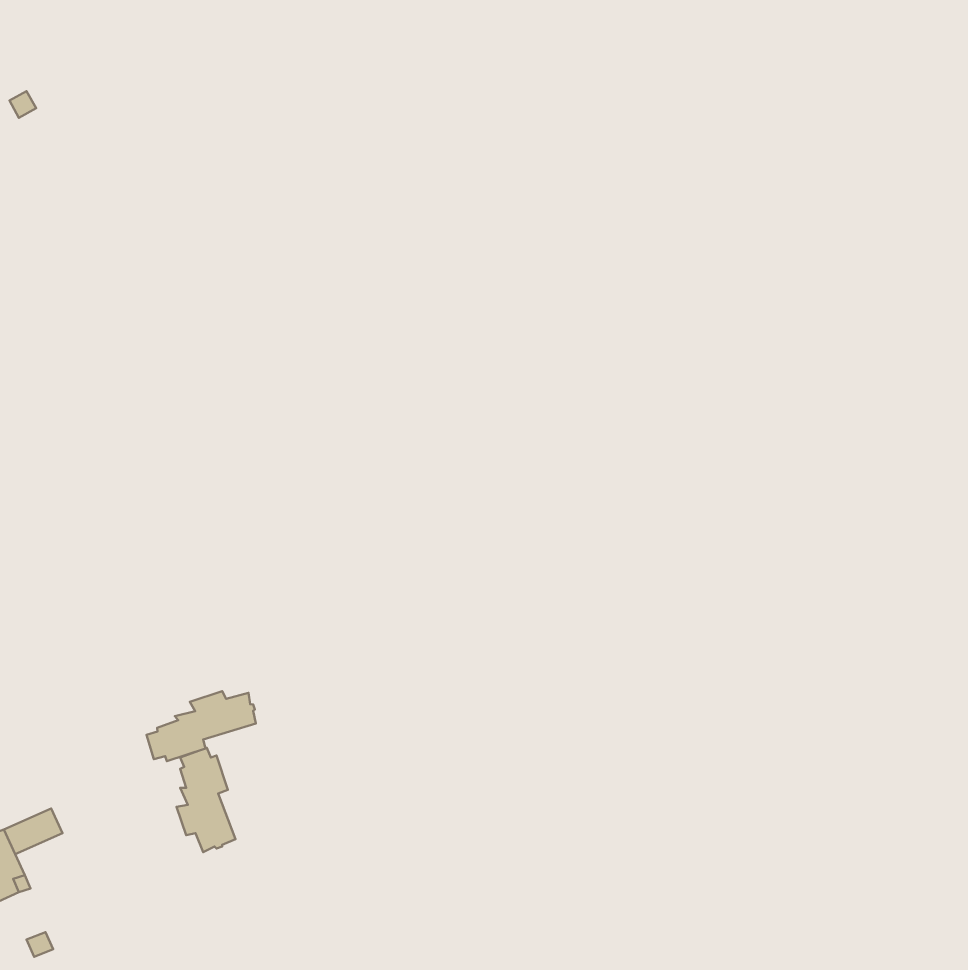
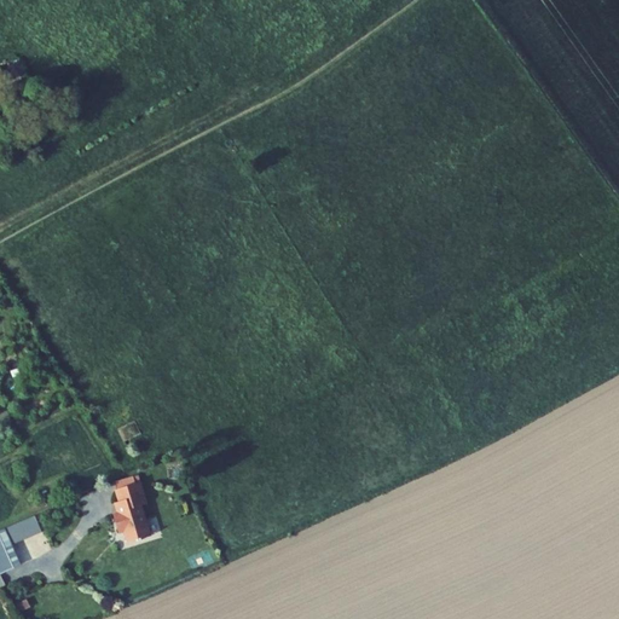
building: [146,691,256,761] -> none

